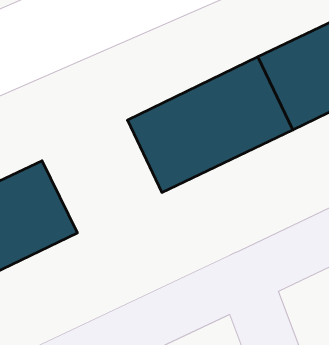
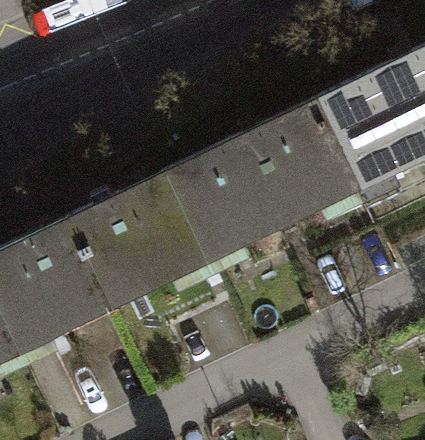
building: none -> [73,175,209,303]

